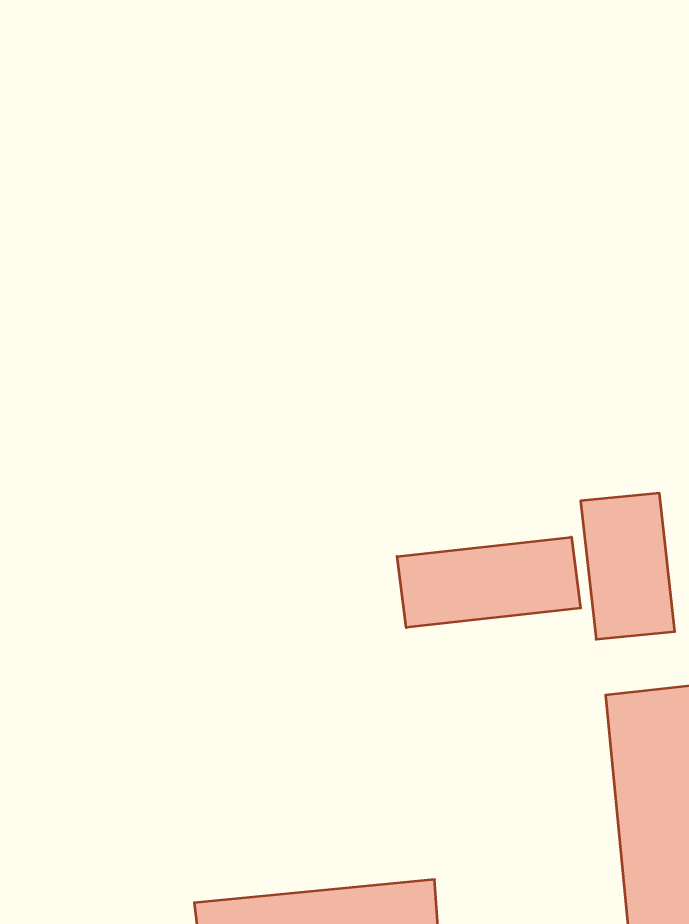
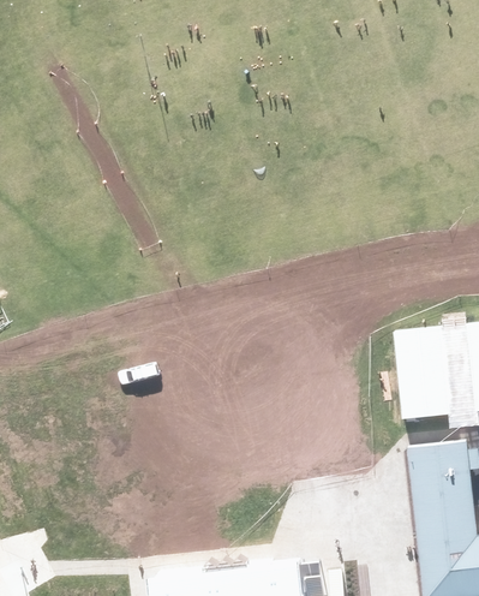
building: [397,537,581,628] -> none

